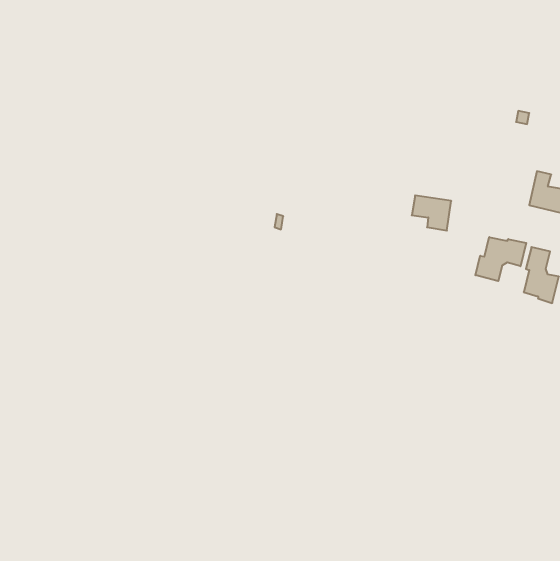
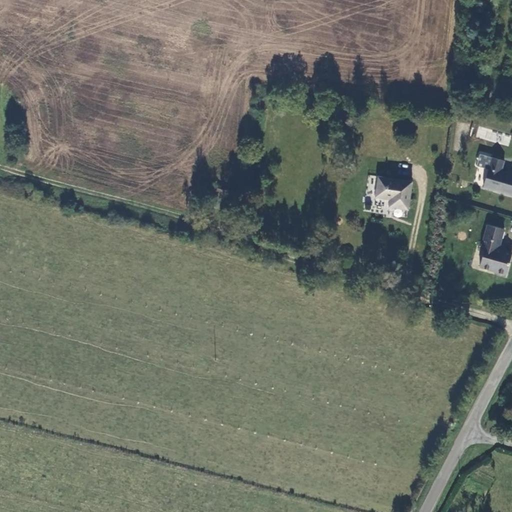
building: [475,237,526,281] -> none

